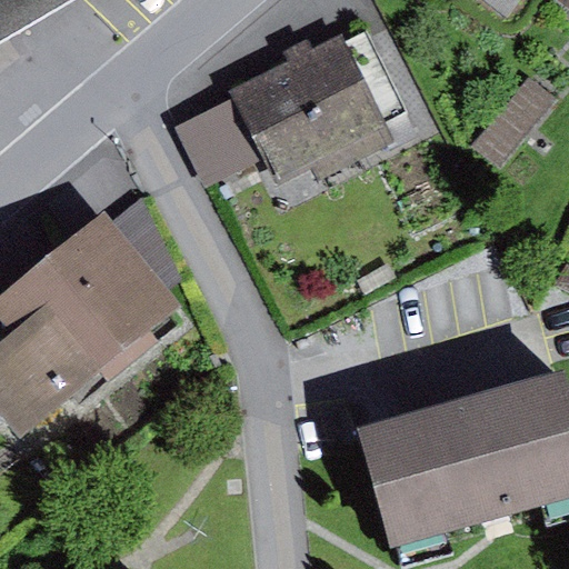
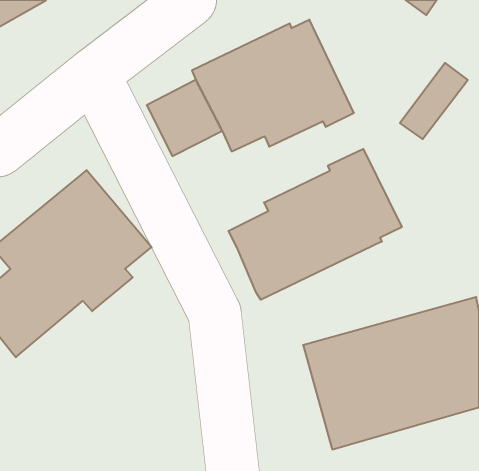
building: none -> [228,149,402,300]

